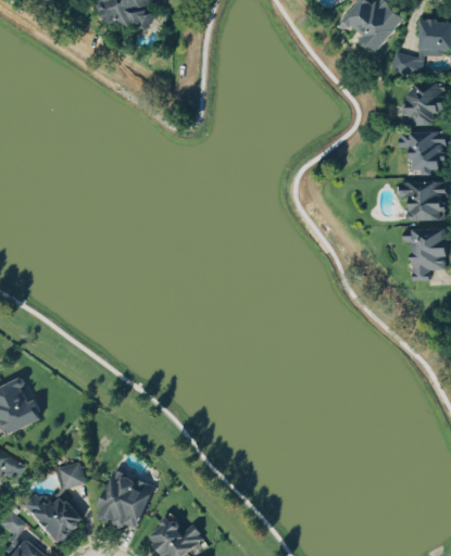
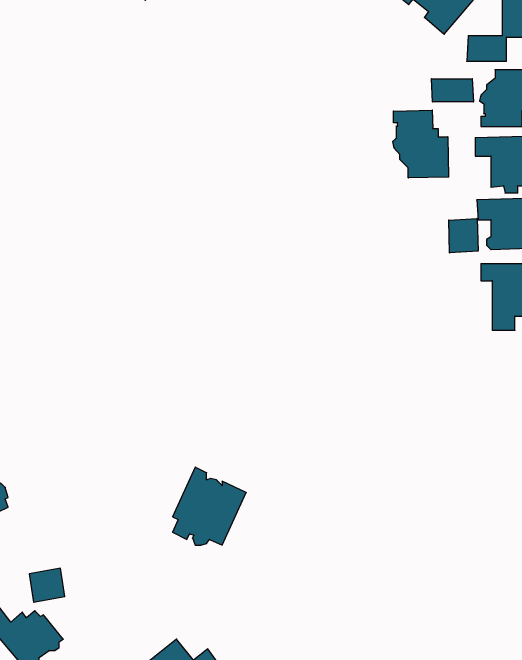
building: none -> [431,79,473,102]
building: none -> [393,110,449,178]
building: none -> [449,218,478,253]
building: [98,467,154,527] -> [173,467,246,545]

